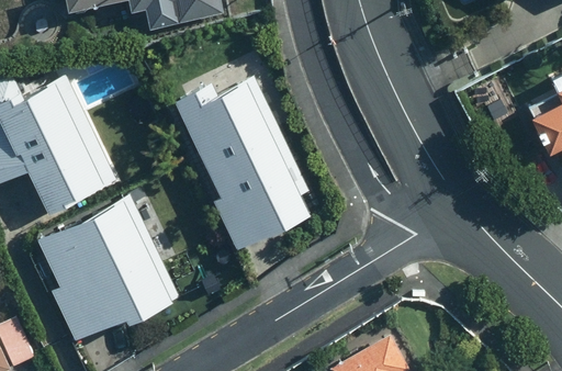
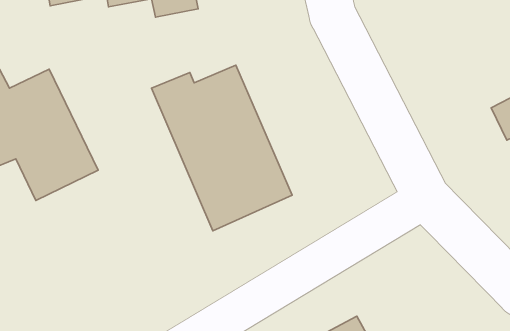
building: [33,193,182,345] -> none

